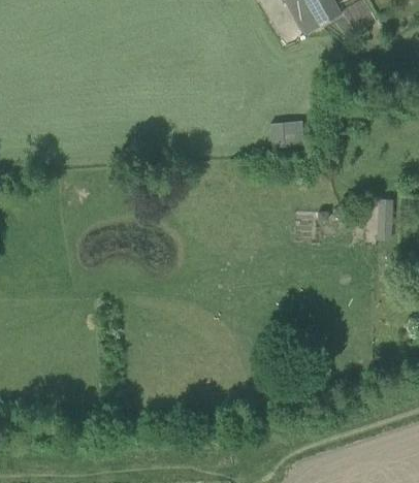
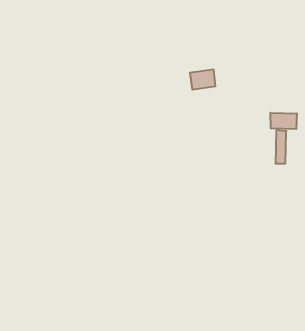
building: none -> [270,113,297,129]

